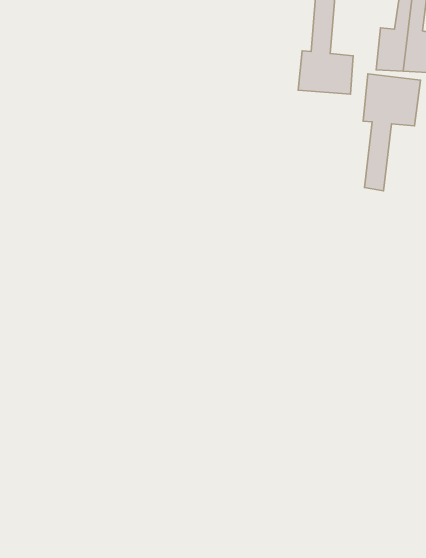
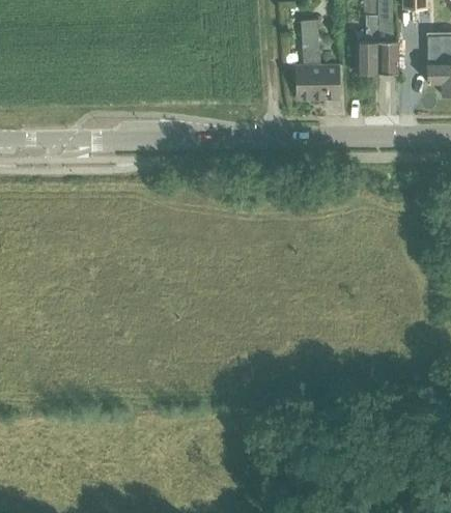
building: [363,74,420,191] -> none

